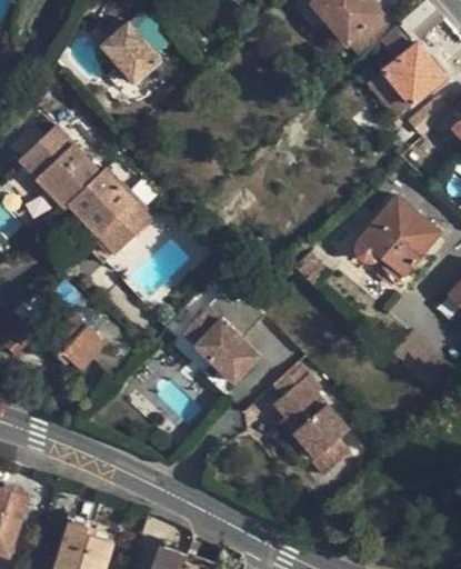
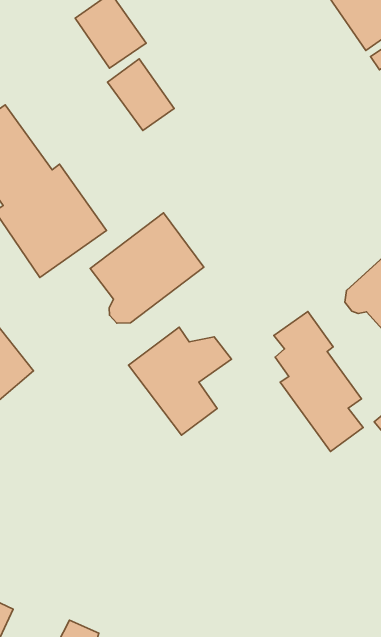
building: none -> [108,59,174,131]
building: none -> [90,213,204,323]
building: [273,362,357,476] -> [274,311,363,452]

